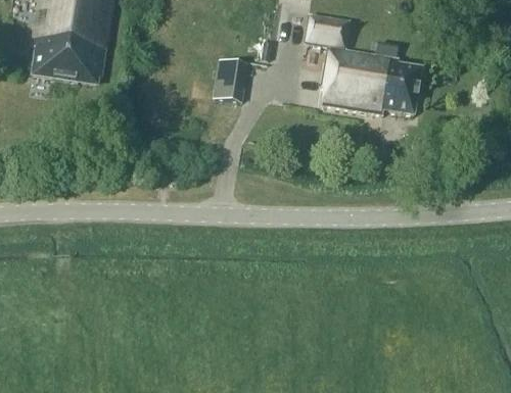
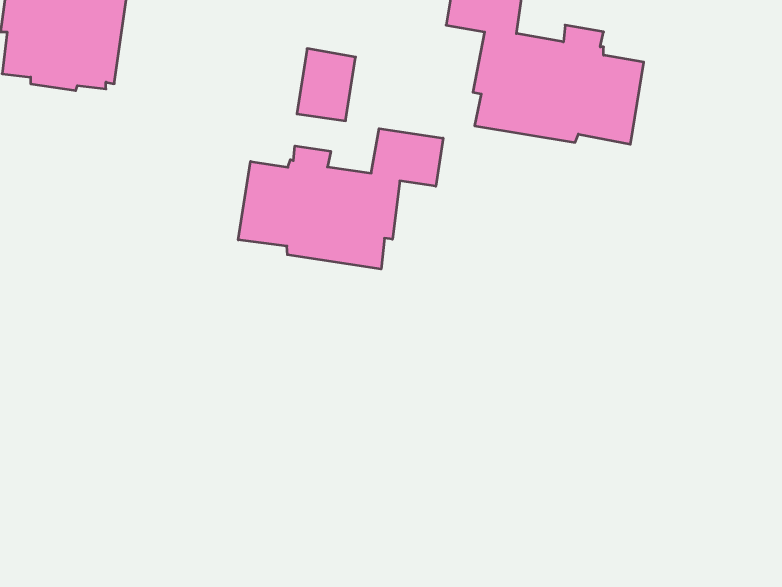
building: none -> [238,129,443,269]

